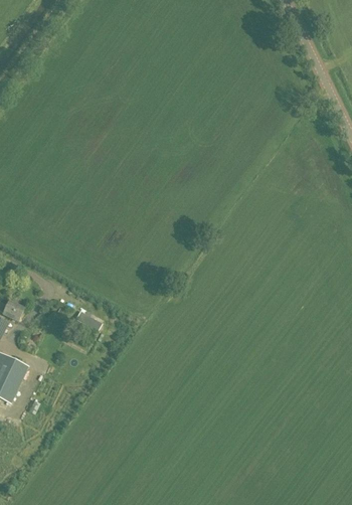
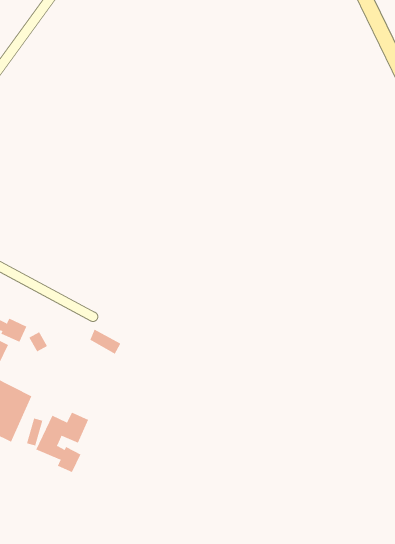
building: none -> [35,412,89,473]

